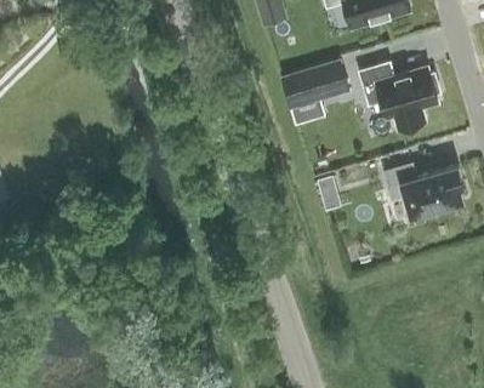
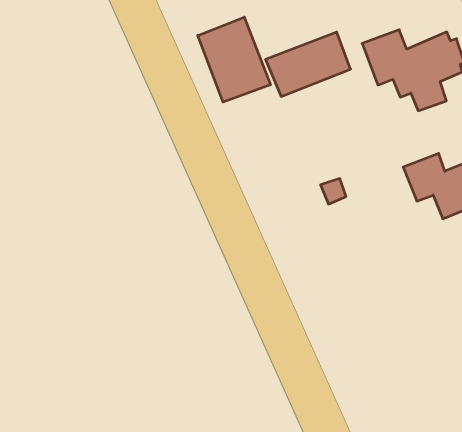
building: none -> [198,17,270,102]

